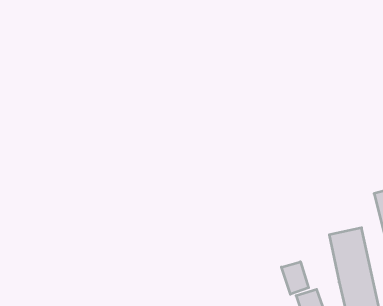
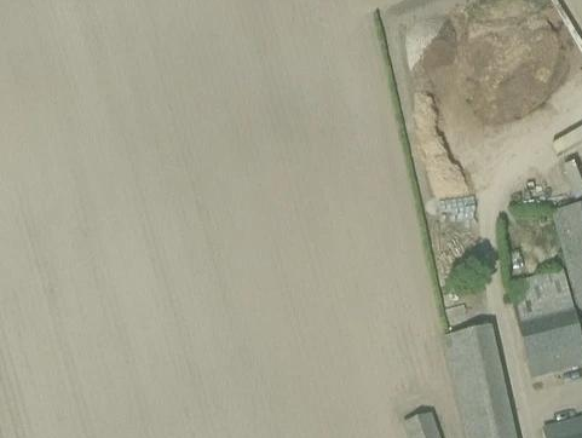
building: [281,262,309,294] -> none

